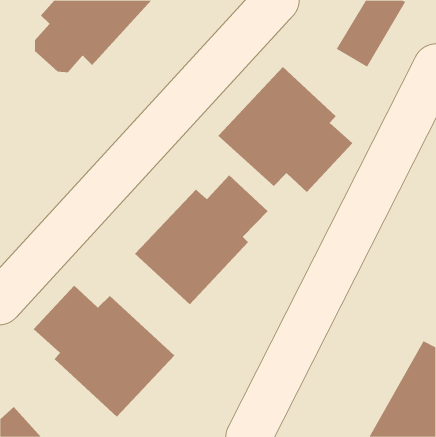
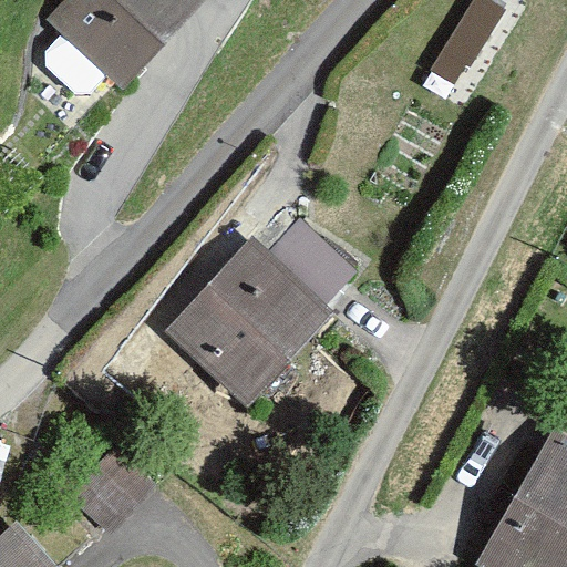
building: [218,66,353,193] -> none
building: [33,285,175,418] -> none

